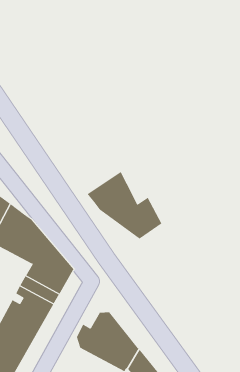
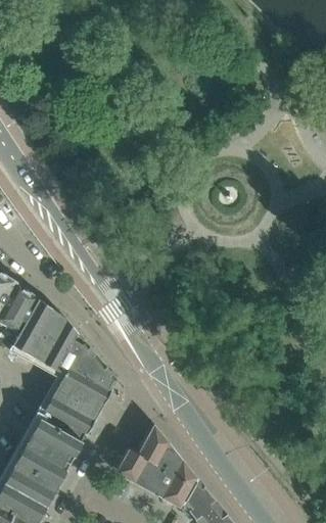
building: [87,171,162,240] -> none

